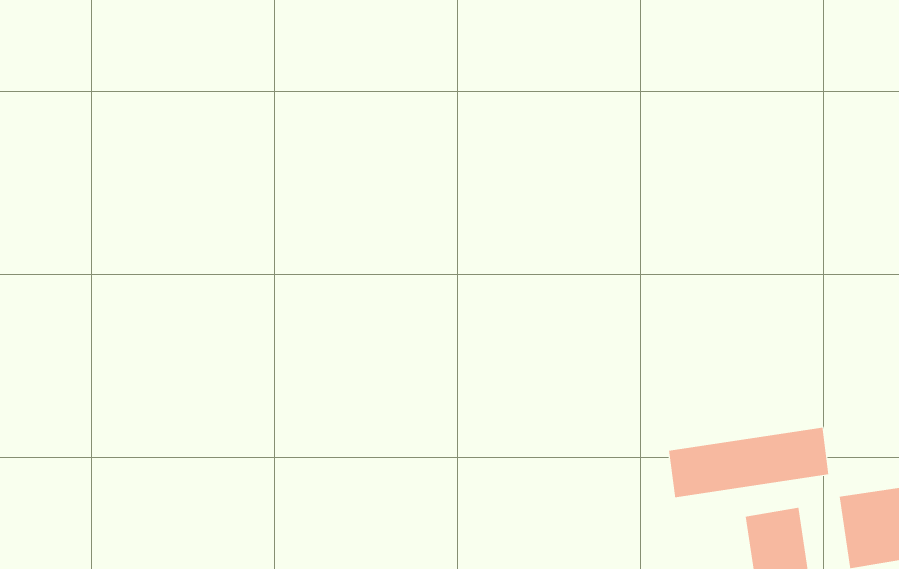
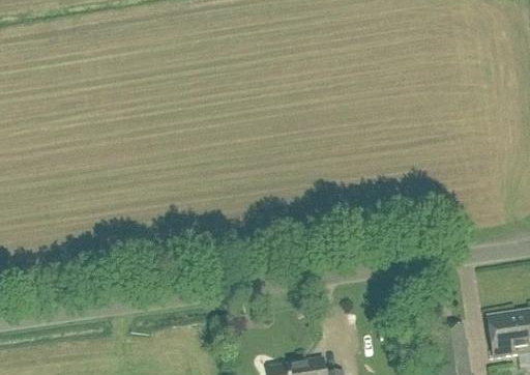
building: [669,427,829,498] -> none

